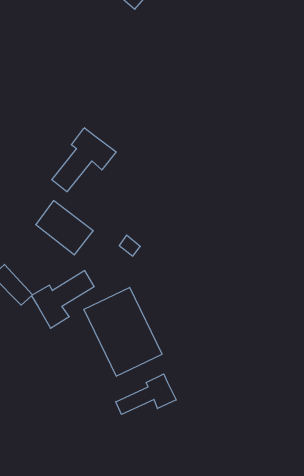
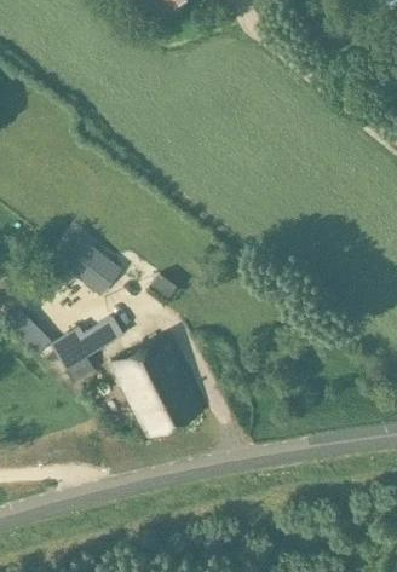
building: [52,128,116,192] -> none
building: [116,374,176,414] -> none

